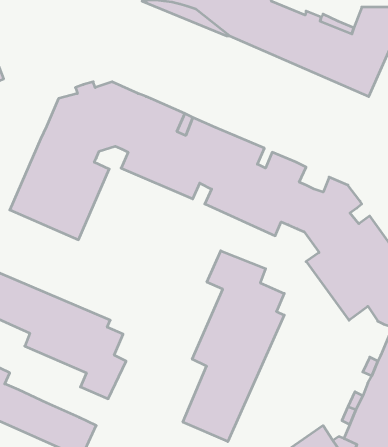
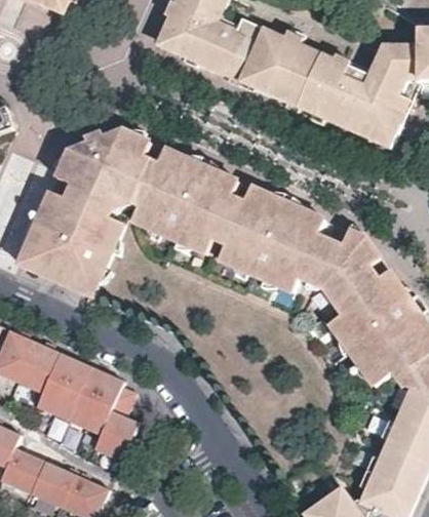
building: [183,251,284,442] -> none

